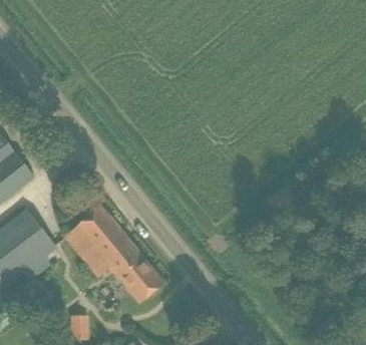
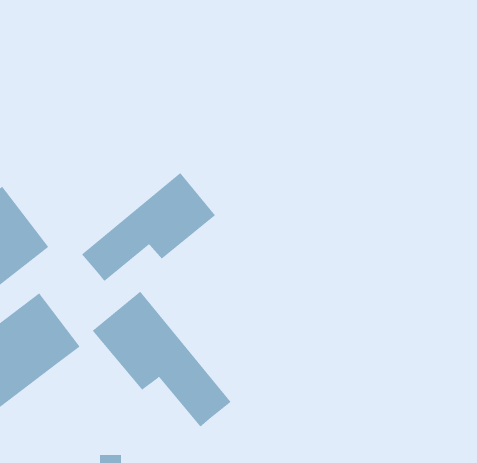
building: none -> [81,172,216,282]

